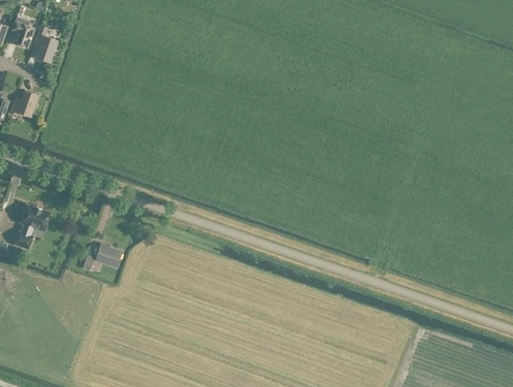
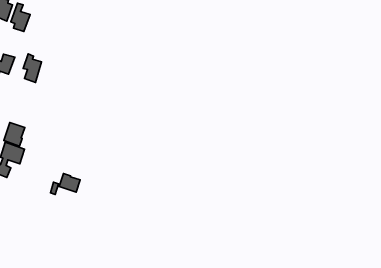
building: none -> [23,54,42,83]
building: none -> [4,122,25,146]

